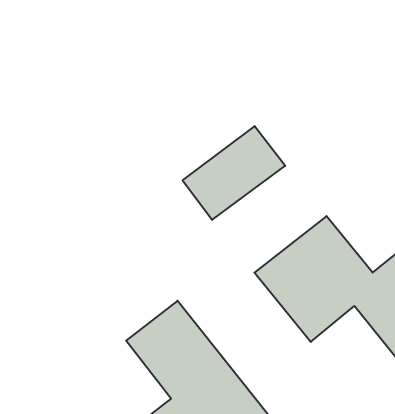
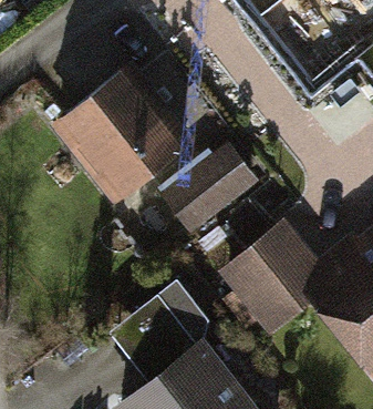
building: none -> [59,70,184,197]

